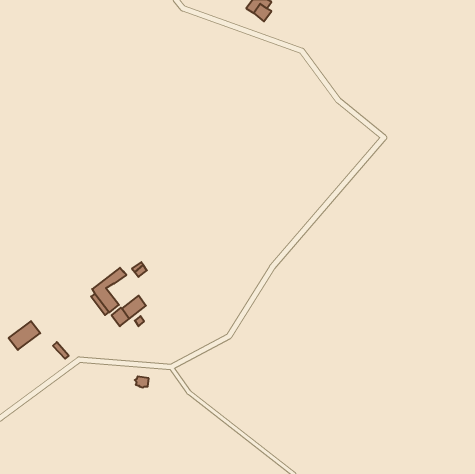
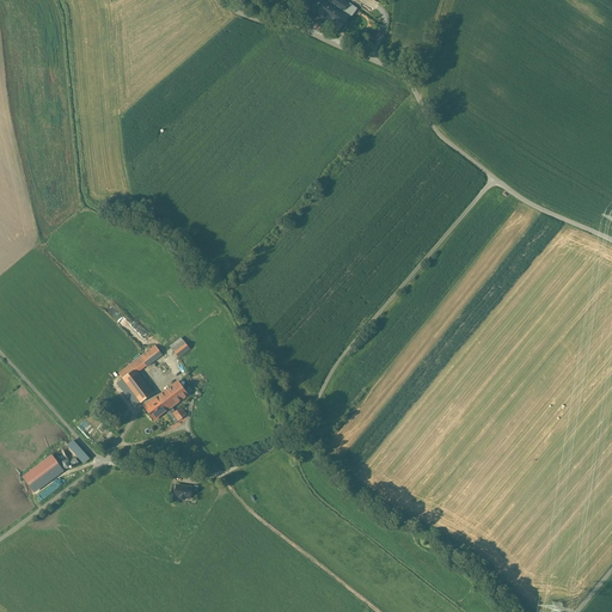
building: [9,321,40,350] -> [23,454,63,491]

